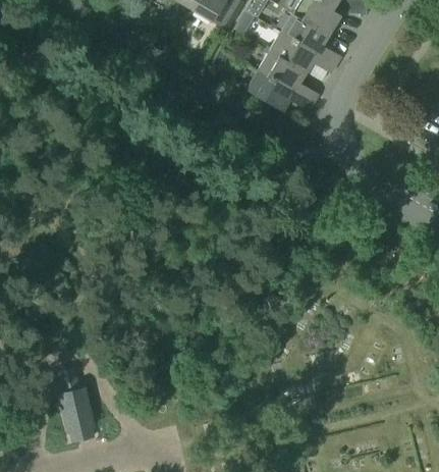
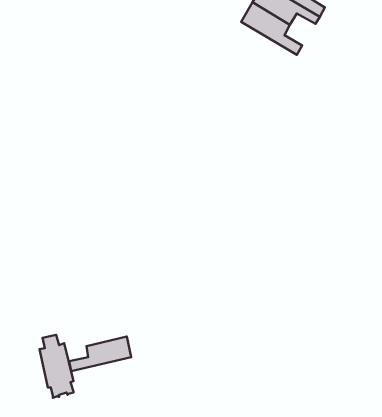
building: [246,69,314,111] -> none
building: none -> [69,336,131,371]

